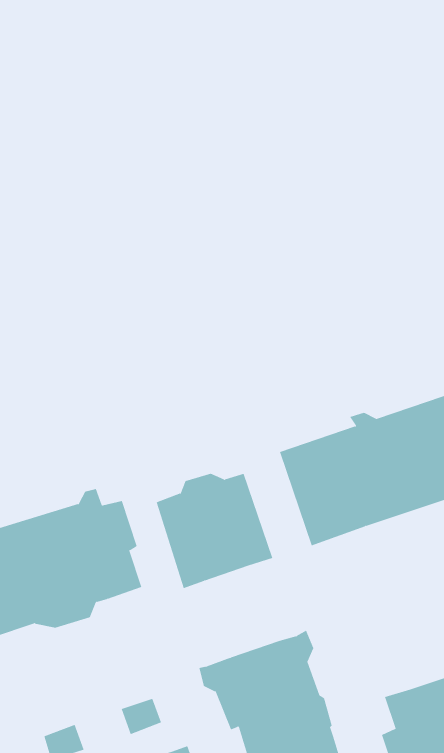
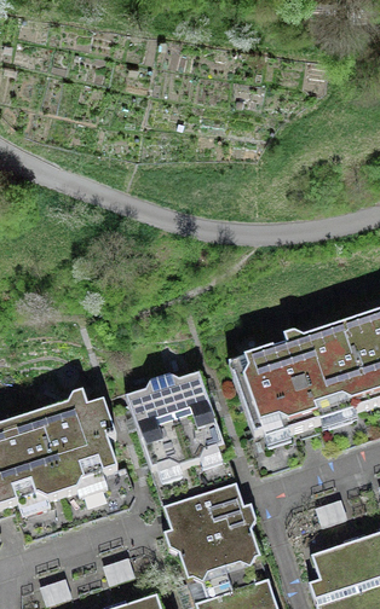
building: none -> [162,482,242,530]

